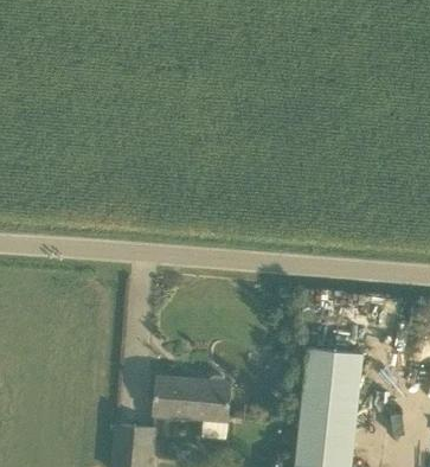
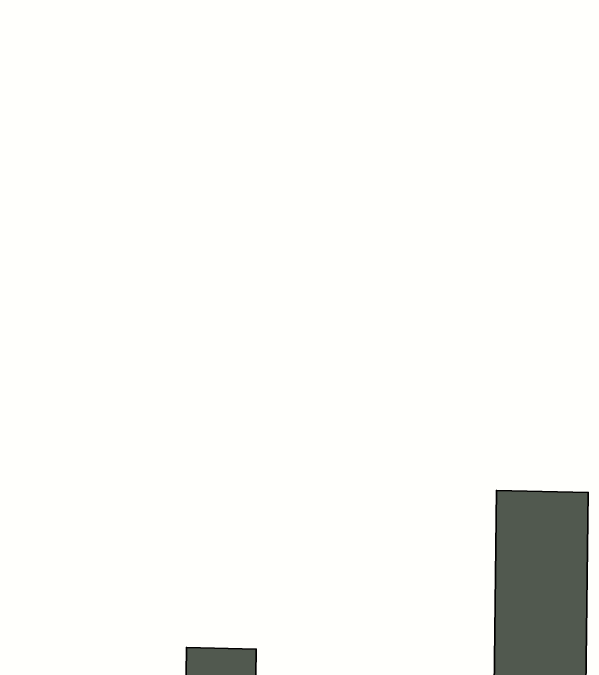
building: [154,378,231,441] -> none

